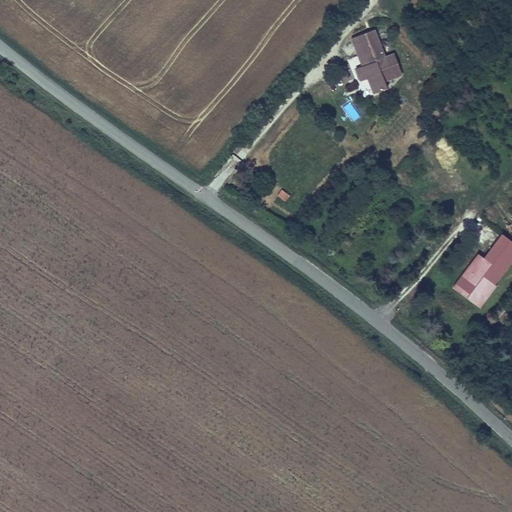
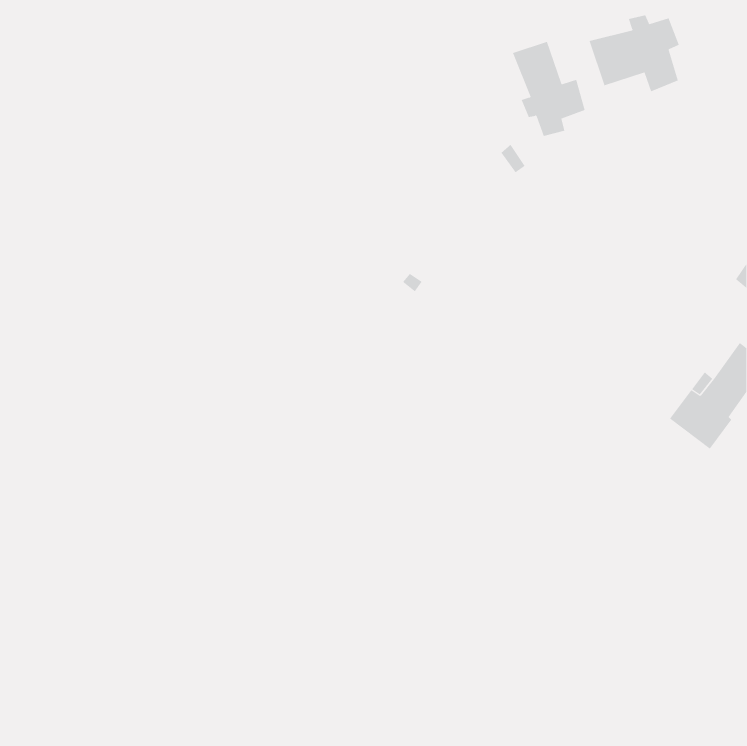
building: none -> [589,14,679,92]

